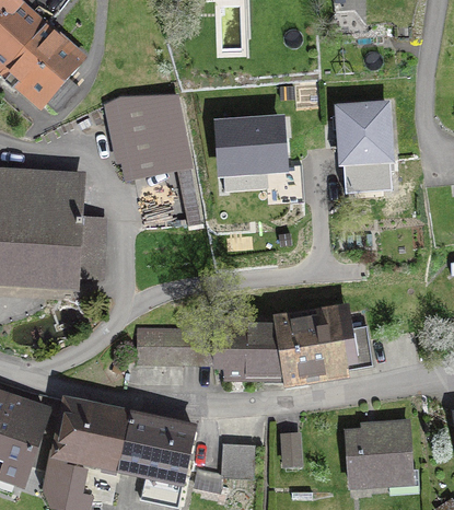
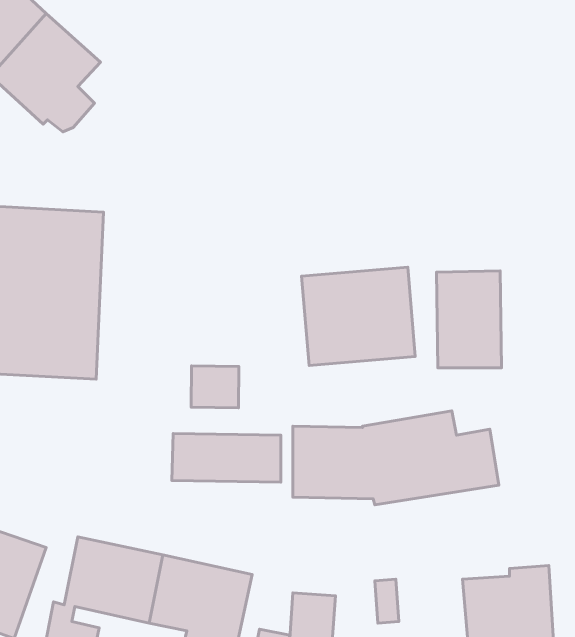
building: [110,94,199,225] -> none
building: [345,107,392,177] -> [436,271,502,368]
building: [209,114,291,185] -> [302,267,415,366]
building: none -> [191,366,239,408]

